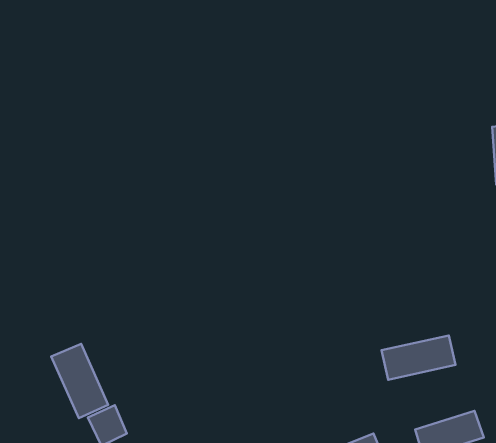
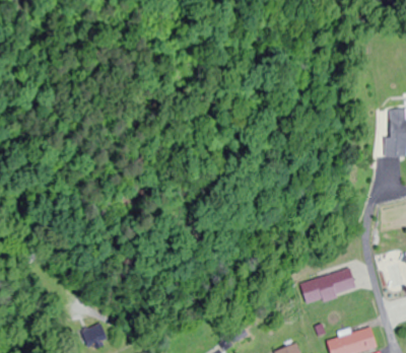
building: [51,344,108,418] -> none

